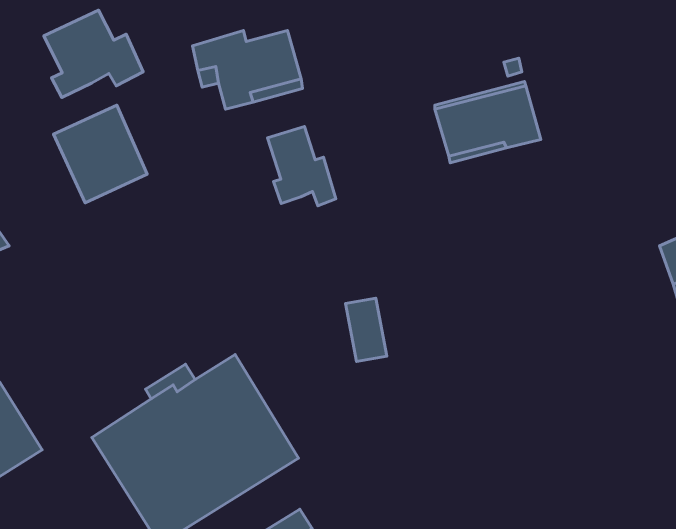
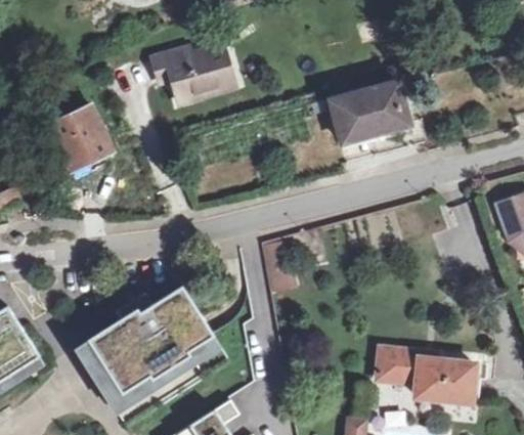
building: [44,10,143,97] -> none
building: [268,127,336,206] -> none
building: none -> [377,348,475,402]

